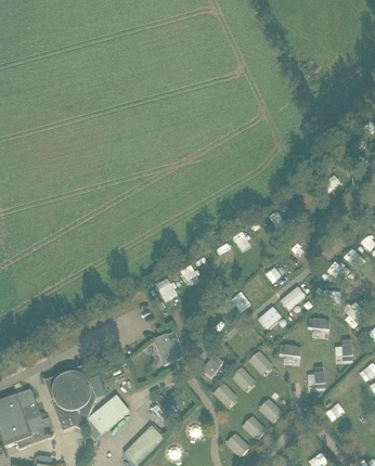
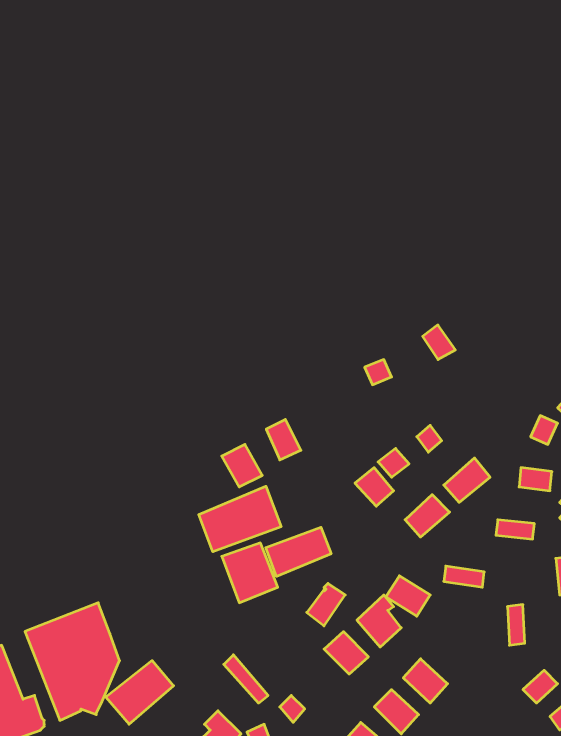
building: none -> [199,486,281,552]
building: none -> [266,527,331,576]

